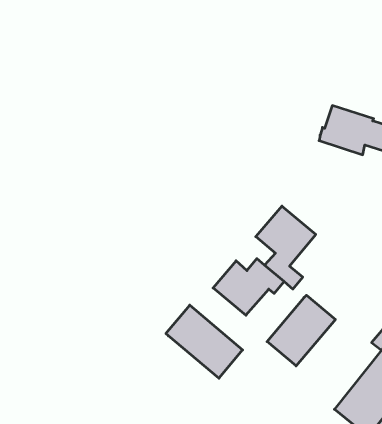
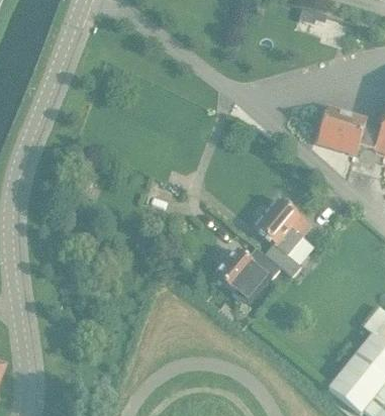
building: [267,295,335,366] -> none
building: [166,305,243,378] -> none

